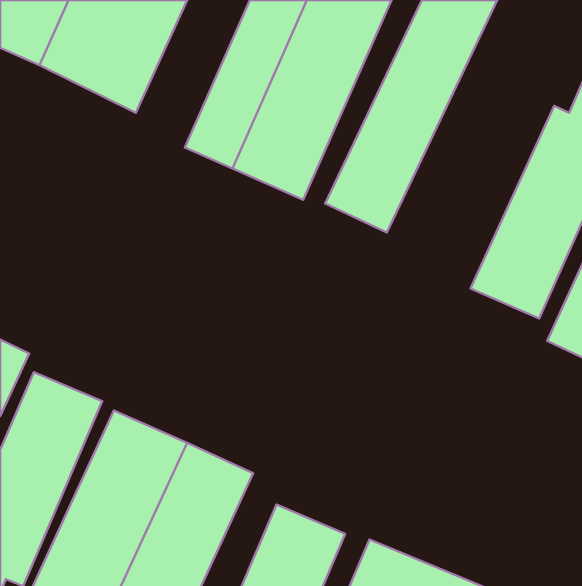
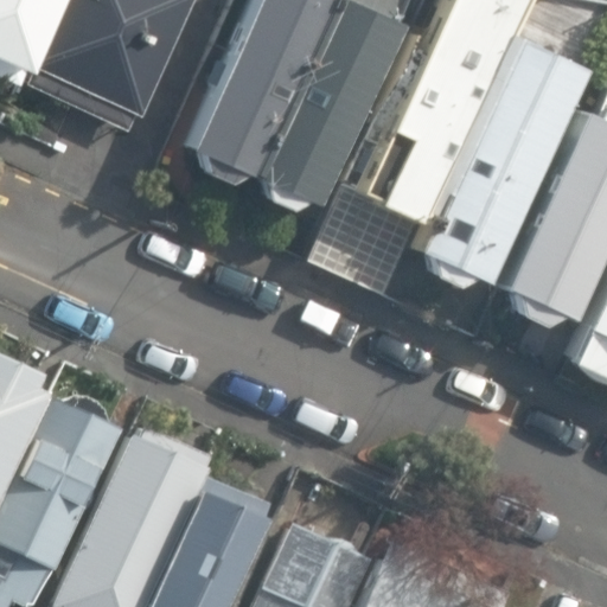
building: none -> [413,44,581,290]

